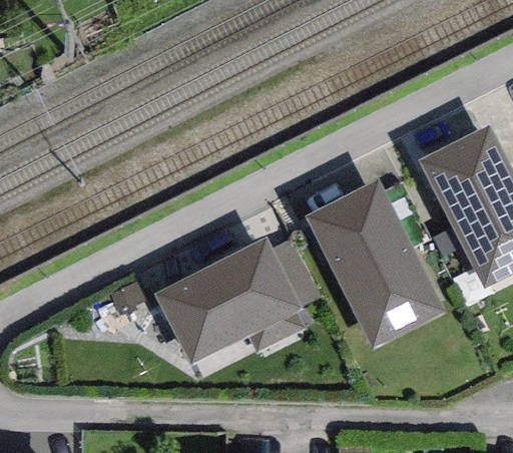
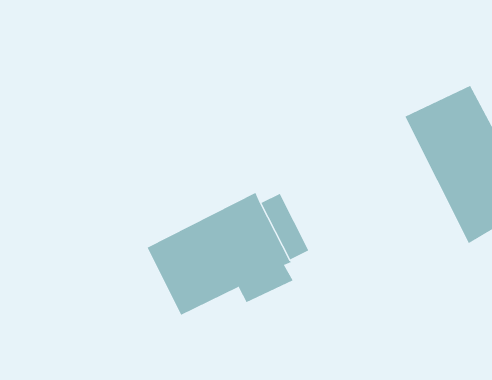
building: [306,179,444,349] -> none

